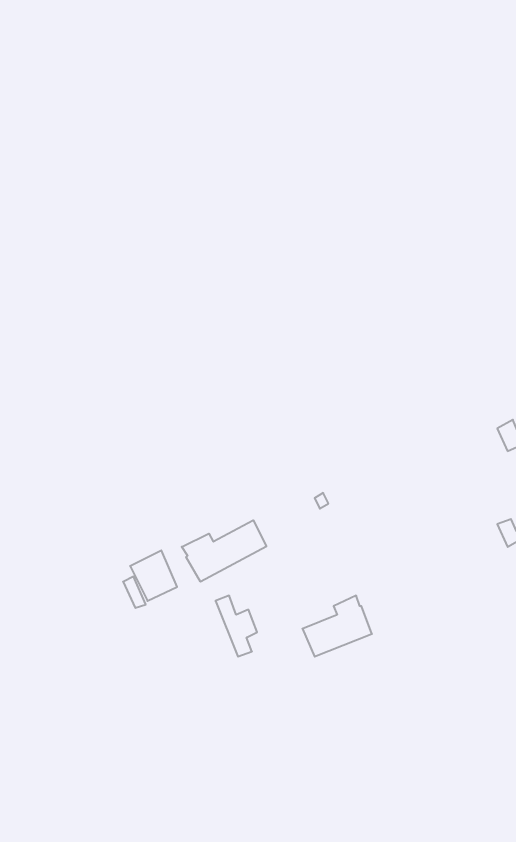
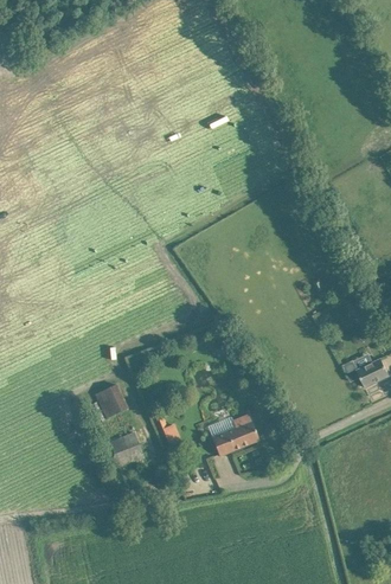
building: [182,520,266,582] -> none
building: none -> [108,430,145,470]

